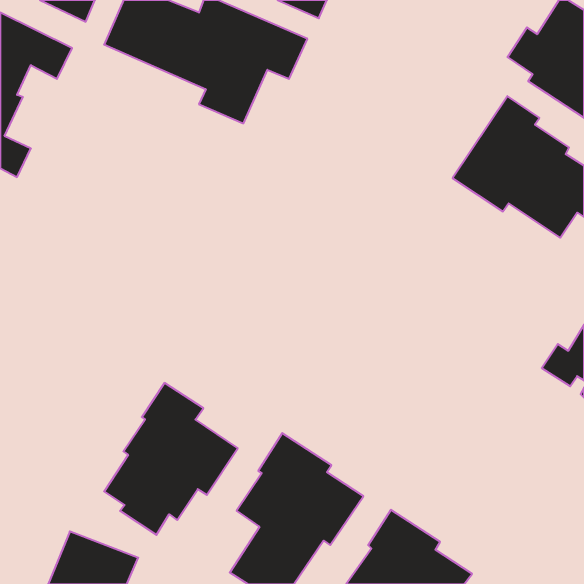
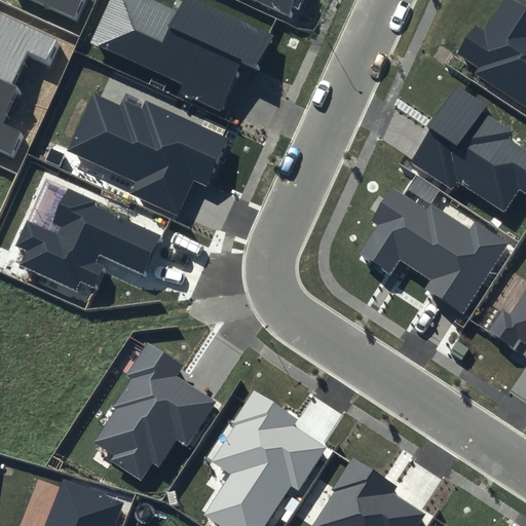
building: none -> [66,92,232,215]
building: none -> [360,186,508,312]
building: none -> [16,188,161,292]

